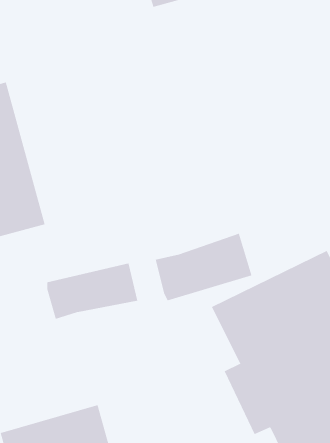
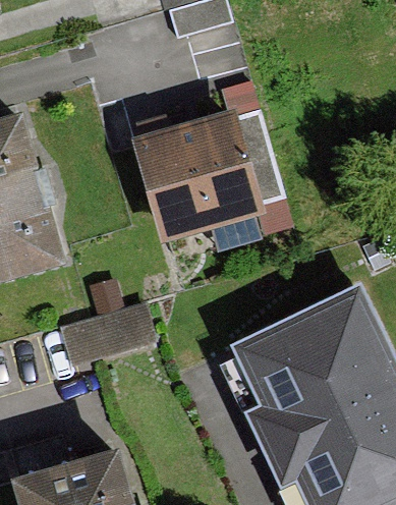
building: none -> [134,110,263,240]
building: [155,233,252,301] -> none

